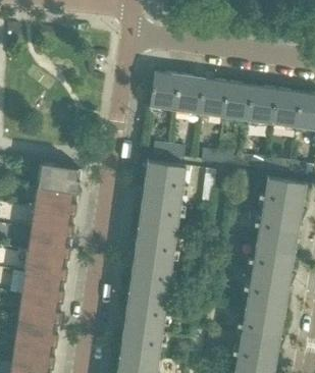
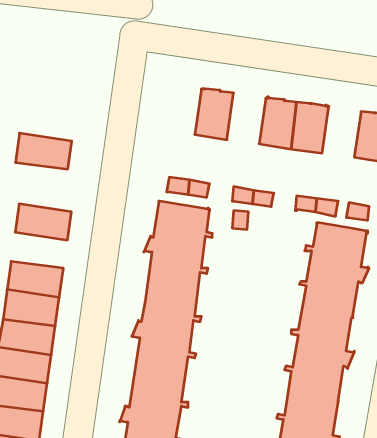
building: [150,71,179,110] -> none
building: [199,78,228,117] -> none
building: [271,89,301,127] -> none
building: [35,184,77,212] -> [15,133,72,169]

